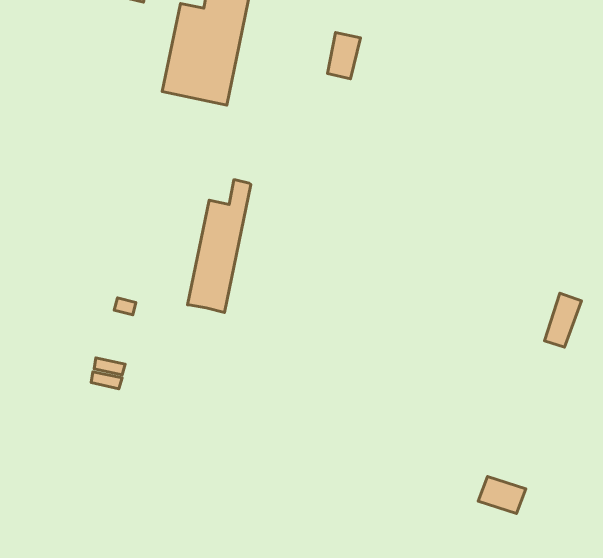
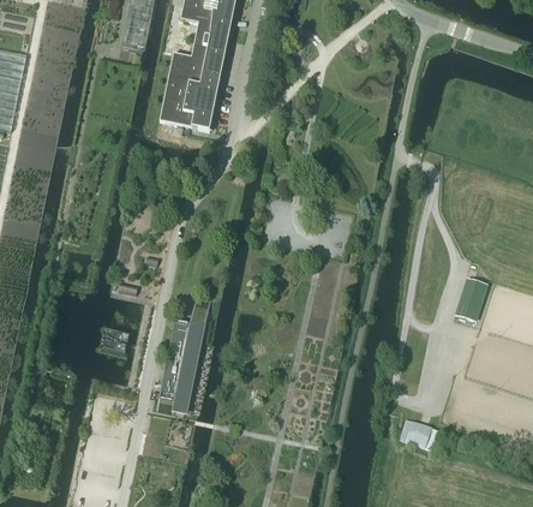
building: [328,33,361,79] -> none
building: [188,180,251,312] -> [158,304,208,407]

